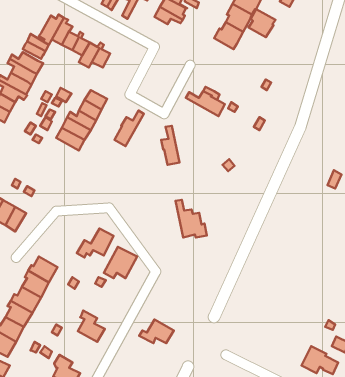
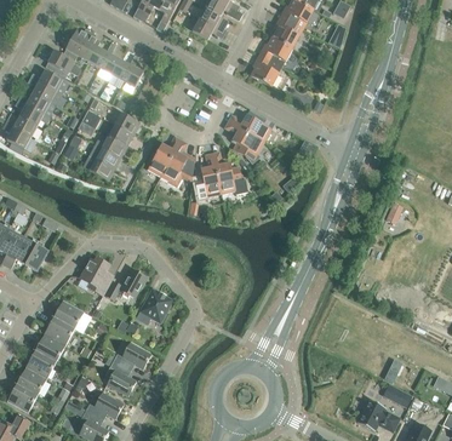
building: [249,9,276,37] -> [251,55,281,86]
building: none -> [224,121,264,164]
building: none -> [160,139,195,187]
building: [175,200,207,238] -> [212,151,247,194]
building: none -> [80,257,114,294]
building: [139,320,174,343] -> [113,342,151,368]
building: none -> [86,391,124,418]

